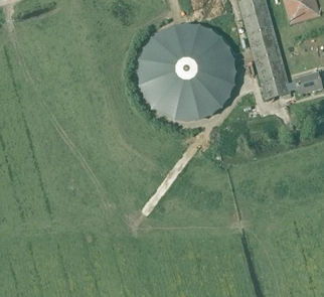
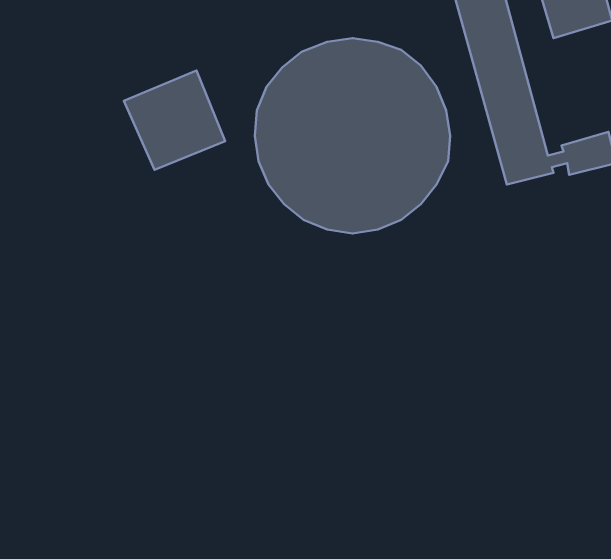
building: none -> [124,71,225,170]

